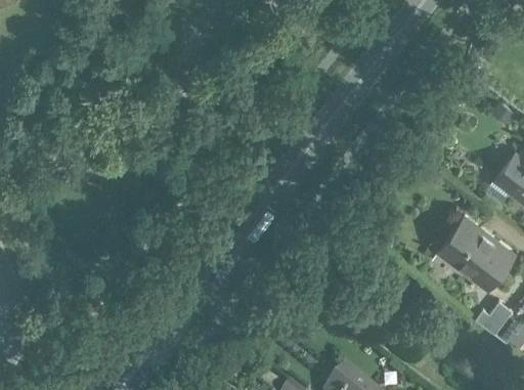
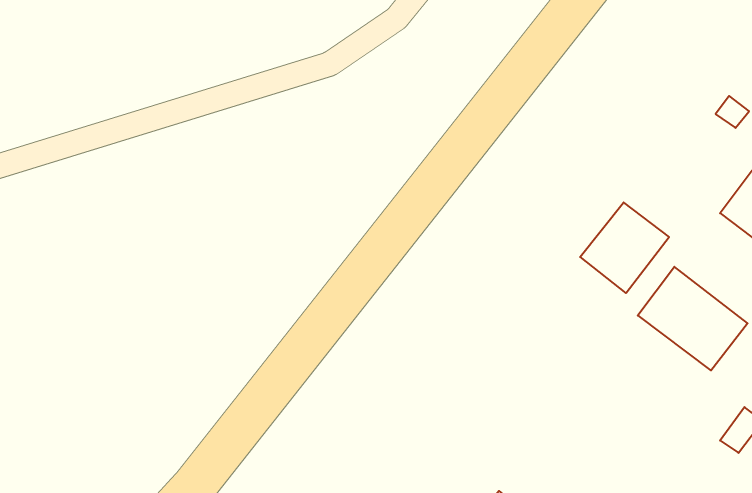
building: none -> [580,202,669,293]
building: [474,297,510,329] -> none

